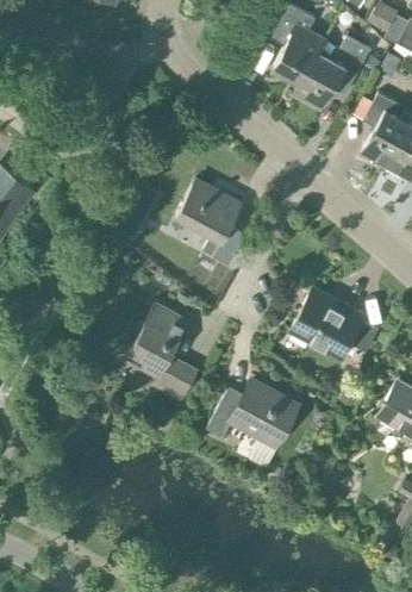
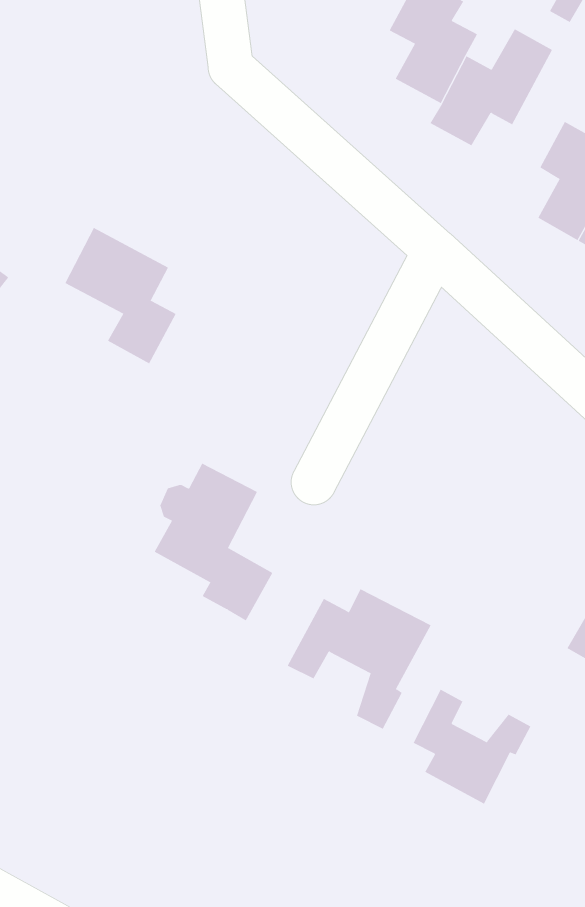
building: [176,180,245,264] -> [65,227,176,364]
building: [291,288,363,357] -> none
building: none -> [413,689,531,804]

